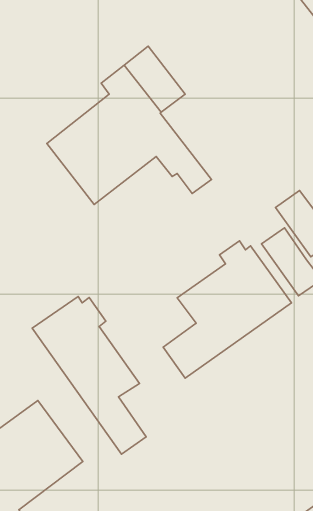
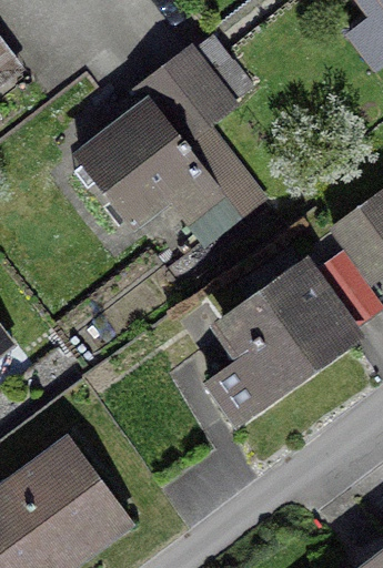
building: [32,296,146,454] -> none

